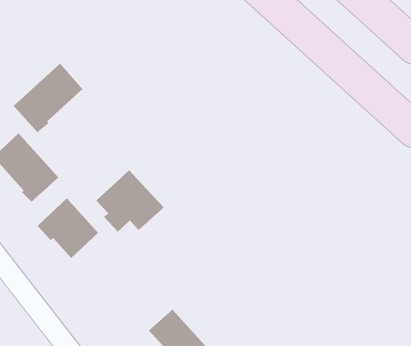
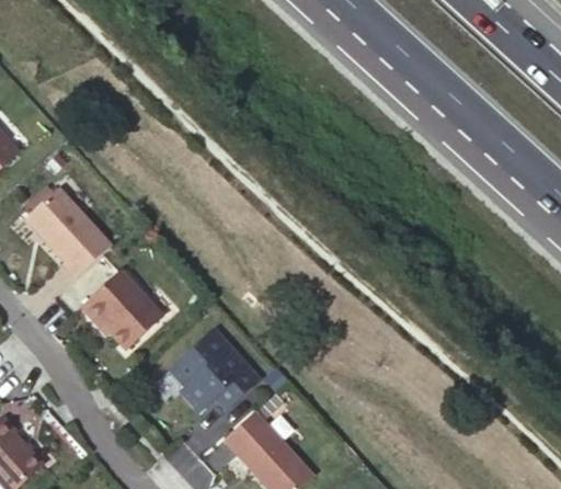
building: [13,63,83,133] -> none
building: [95,169,165,232] -> [170,330,257,410]

